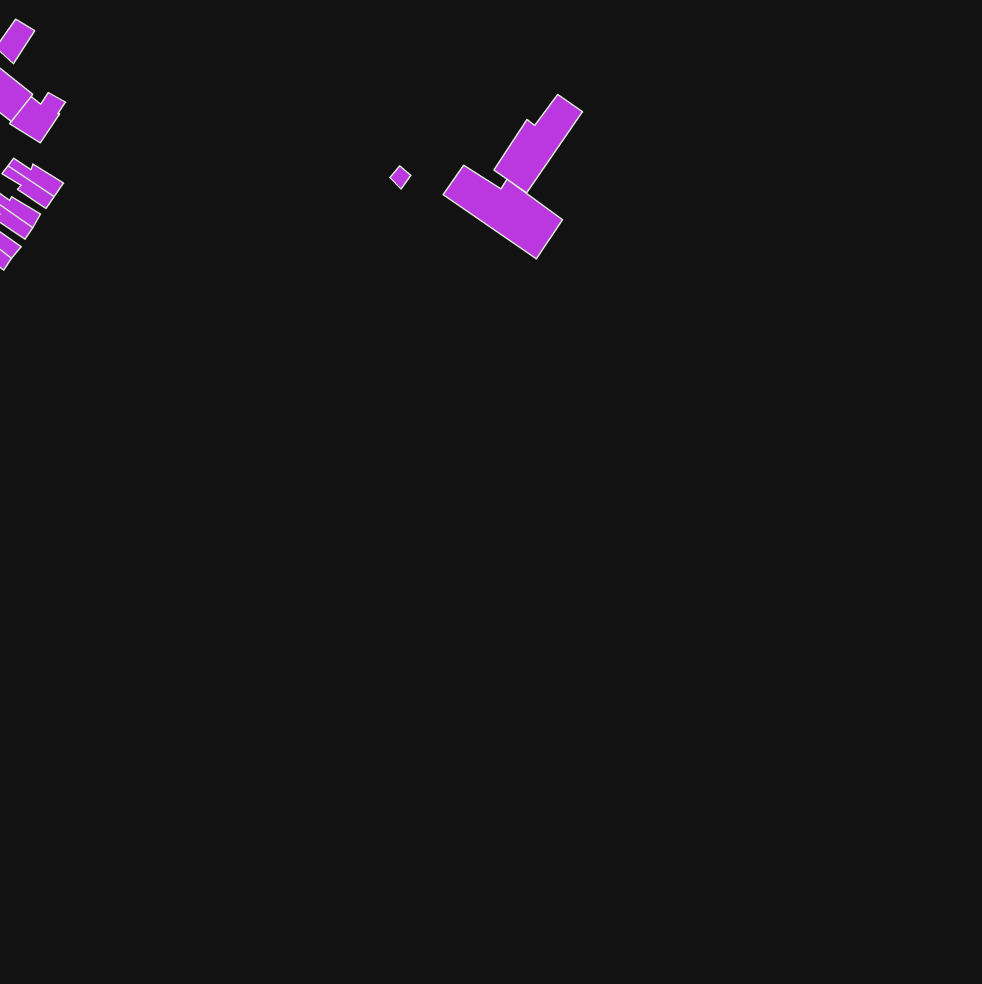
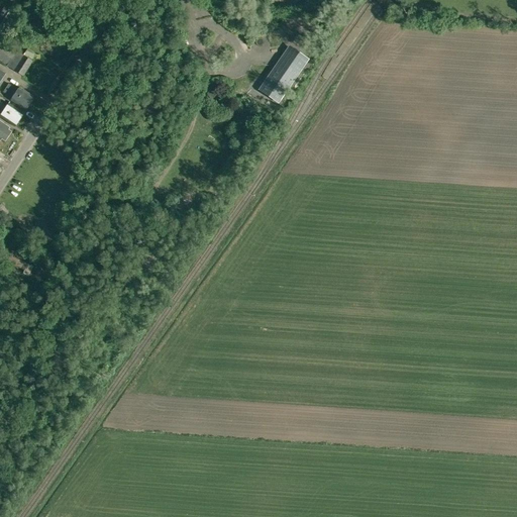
building: [443,165,563,259] -> none

